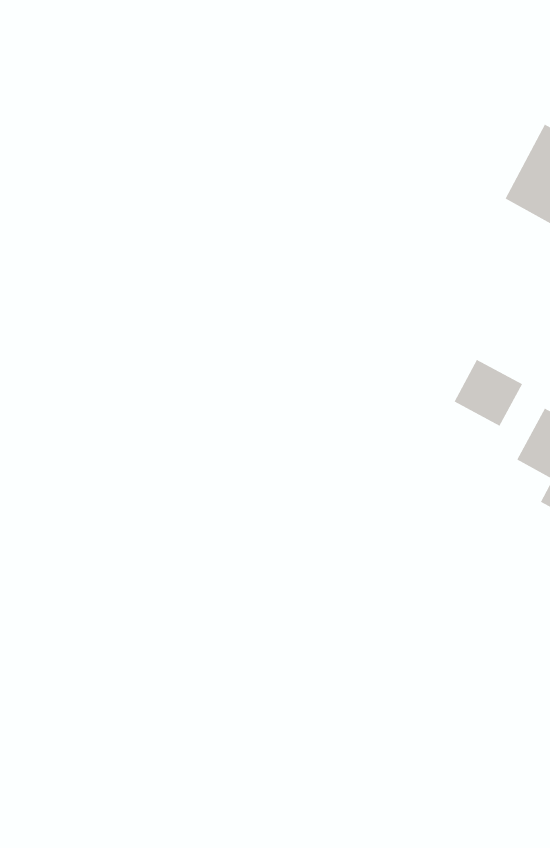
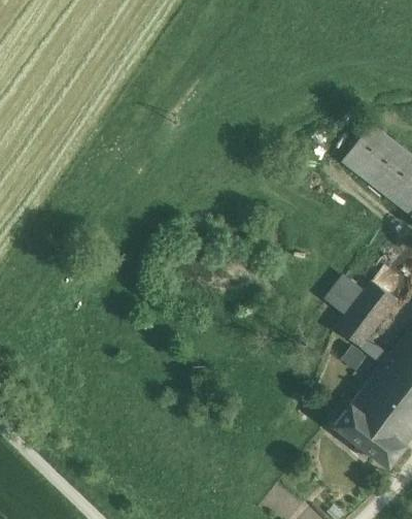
building: [453,359,523,427] -> none

